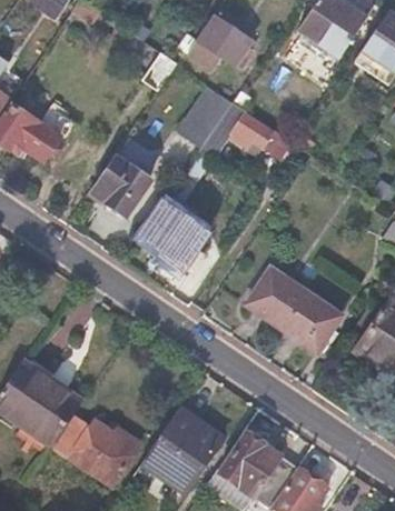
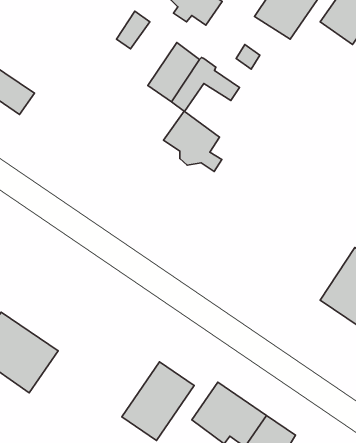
building: [89,151,149,213] -> none
building: [142,204,203,267] -> [164,111,222,172]
building: [245,265,338,349] -> none
building: [58,415,142,485] -> none

